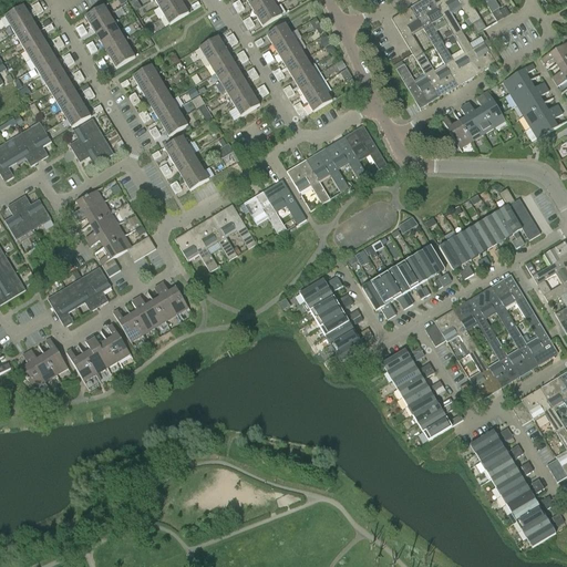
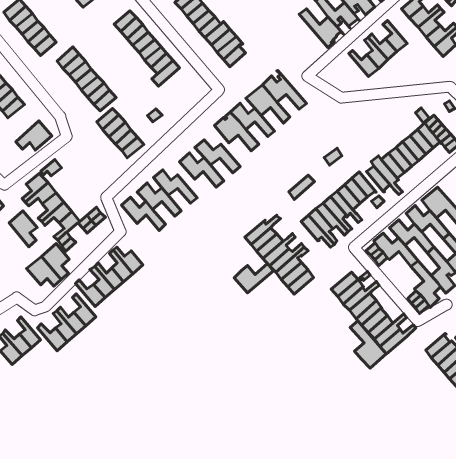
building: [70,116,103,152] -> none
building: [48,287,76,326] -> [9,211,37,247]
building: none -> [234,263,274,293]
building: none -> [350,321,386,368]

